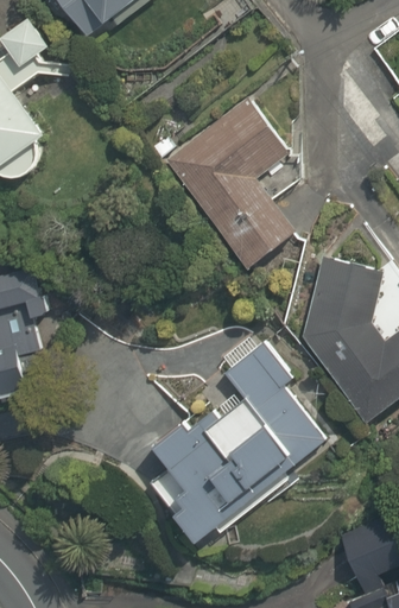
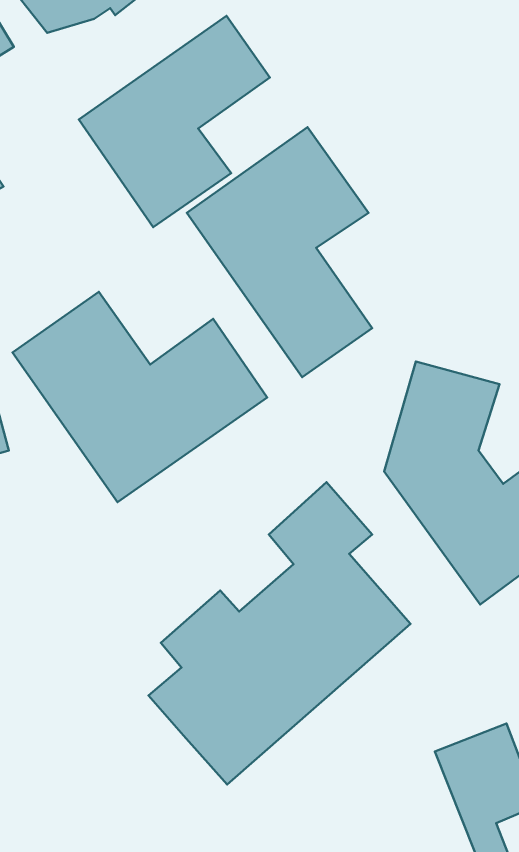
building: none -> [79,16,270,227]
building: none -> [13,292,267,502]

